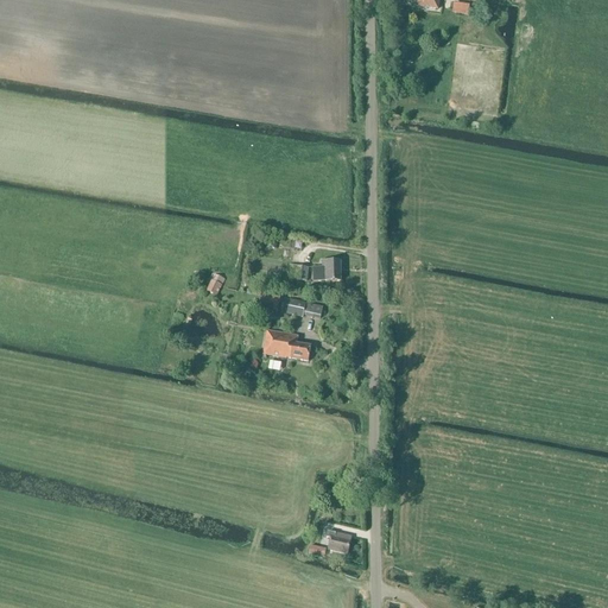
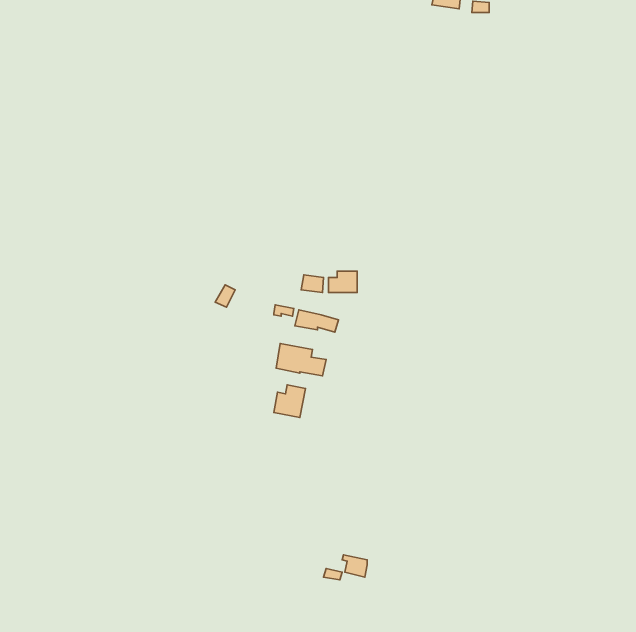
building: none -> [274,385,306,417]

